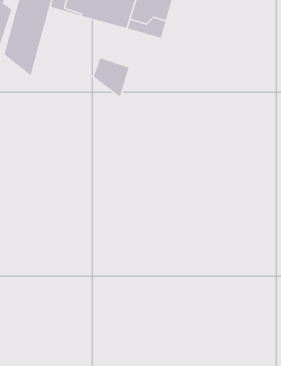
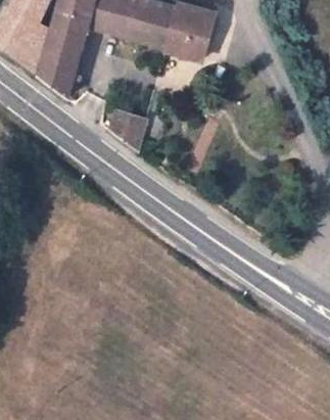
building: [93,57,129,98] -> [109,108,147,150]

